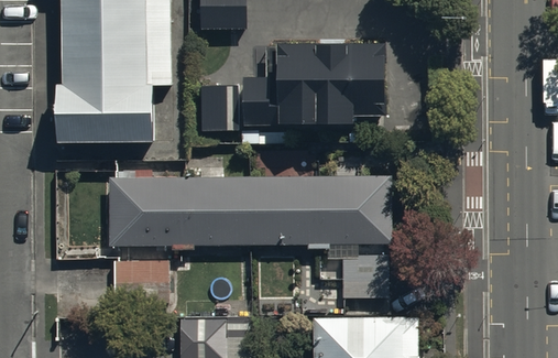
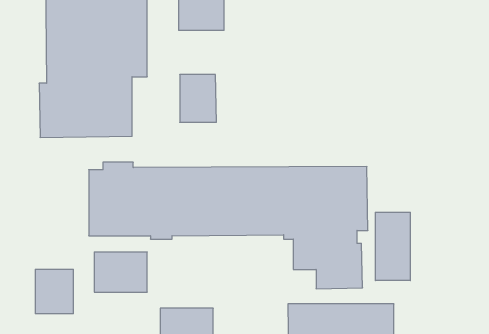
building: [265,43,385,130] -> none
building: none -> [375,212,410,281]
building: none -> [35,269,73,314]

